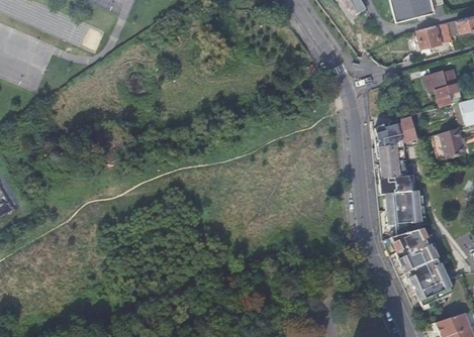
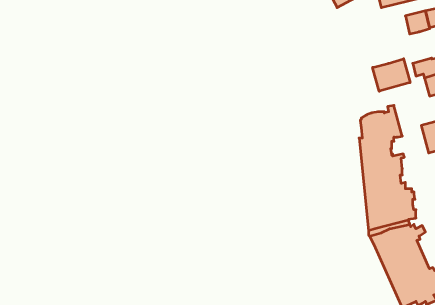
building: none -> [373,59,410,91]

